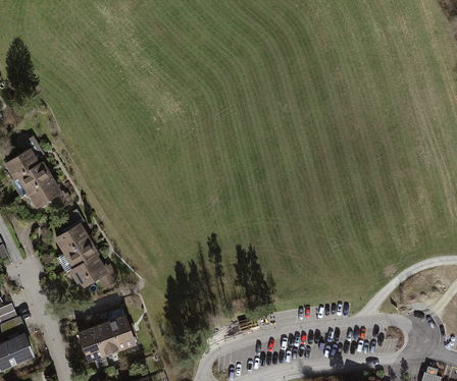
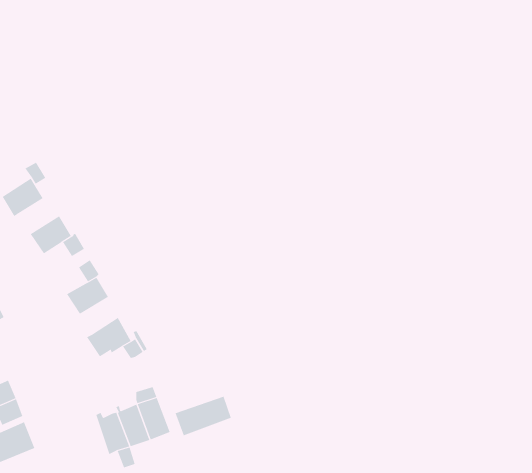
building: [18,164,50,193] -> none
building: [65,240,97,269] -> none
building: none -> [175,396,232,436]

